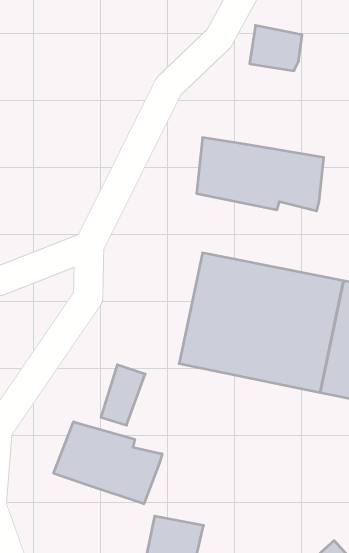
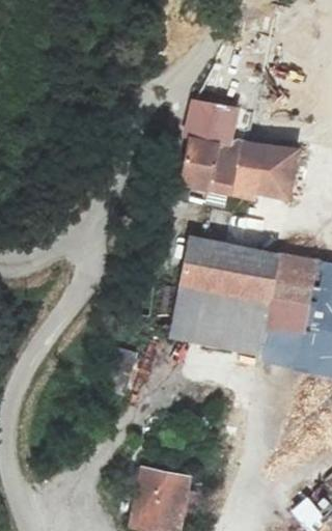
building: [250,25,302,71] -> [189,100,236,140]
building: [54,422,162,504] -> none

